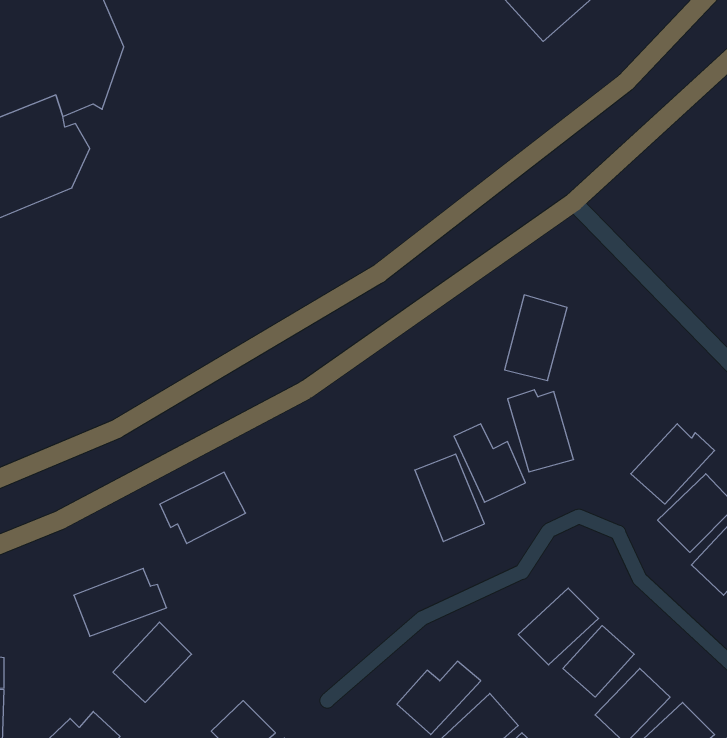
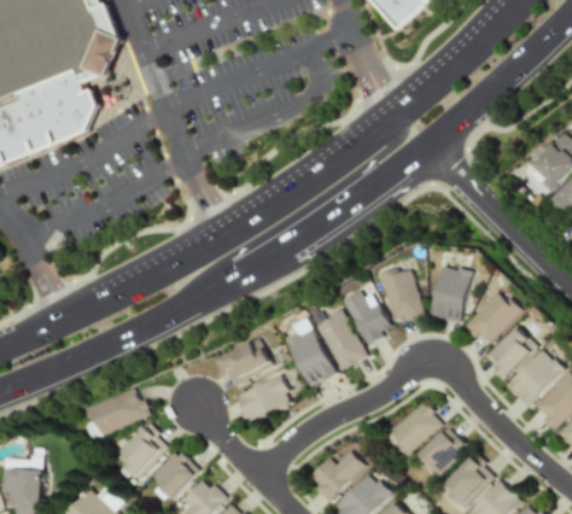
building: [505,295,567,381] -> [430,264,472,322]
building: none -> [286,317,333,386]
building: [160,472,246,544] -> [214,338,272,386]
building: none -> [234,376,290,422]
building: none -> [150,449,198,497]

